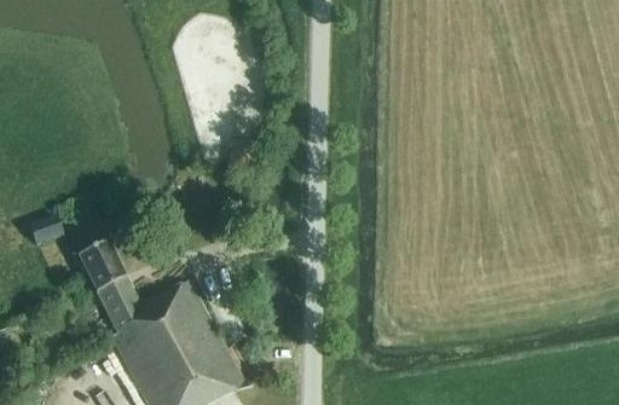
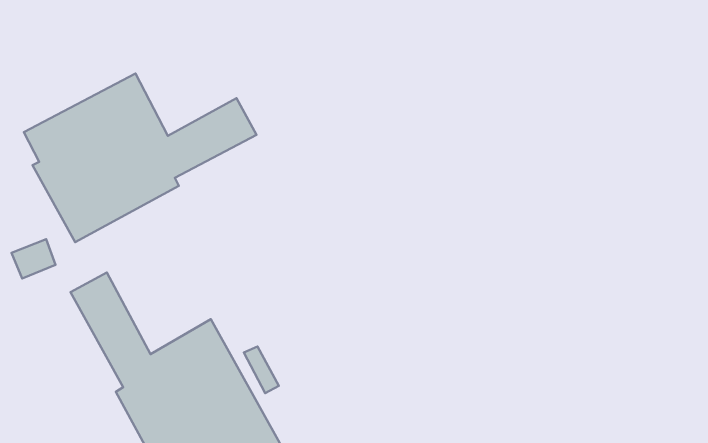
building: none -> [24,73,256,242]

